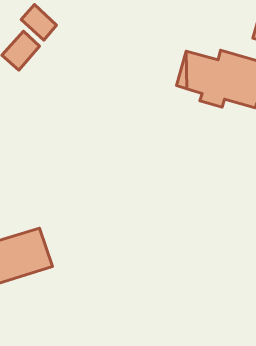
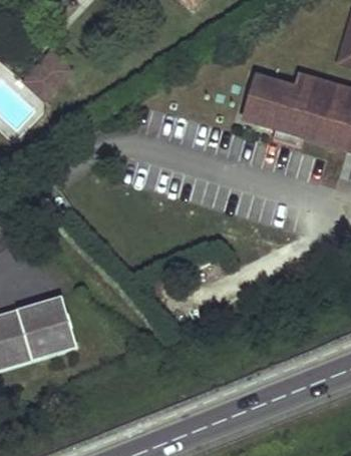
building: [21,5,57,40] -> none

